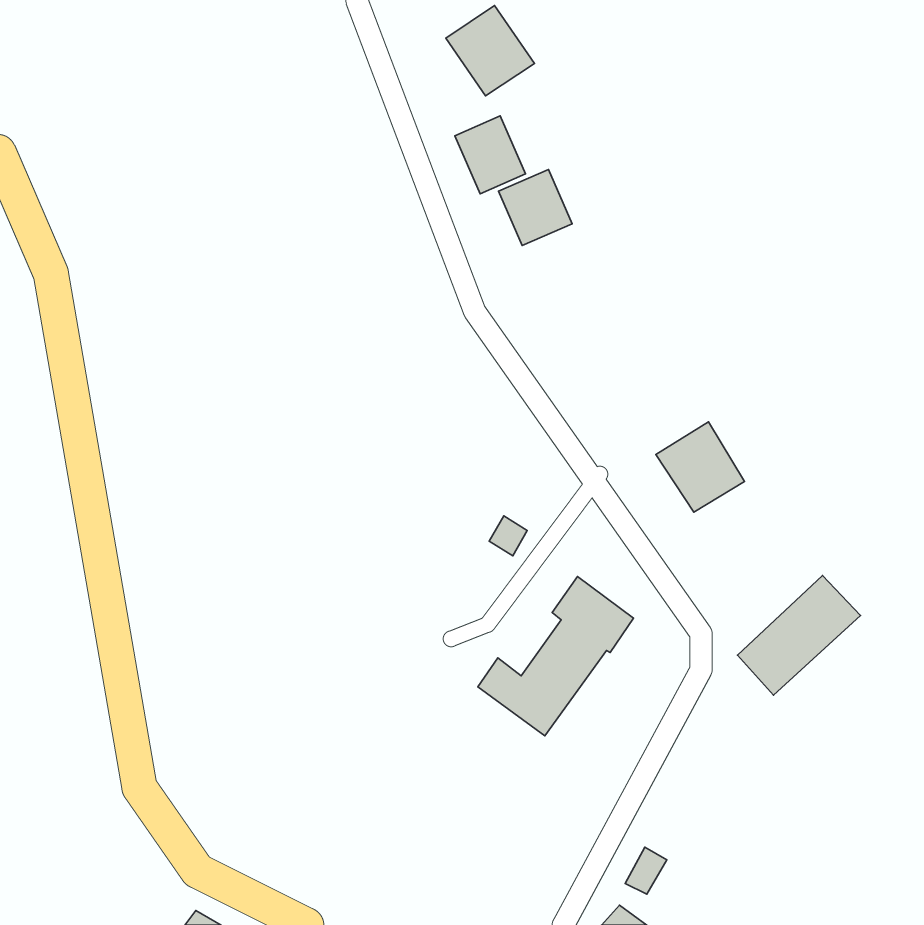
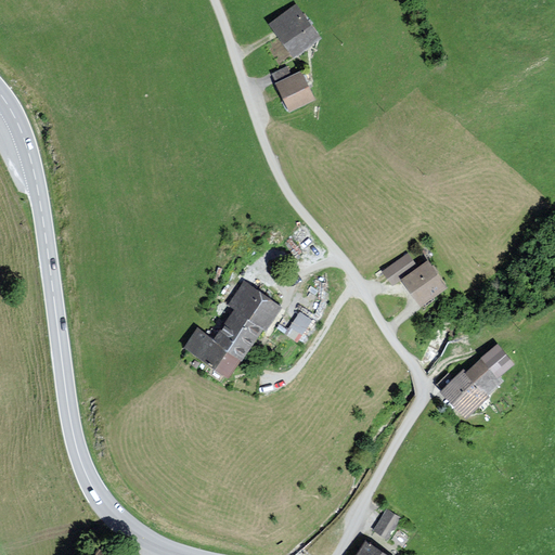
building: [498,169,572,246] -> none
building: [478,576,634,736] -> [185,282,279,377]

